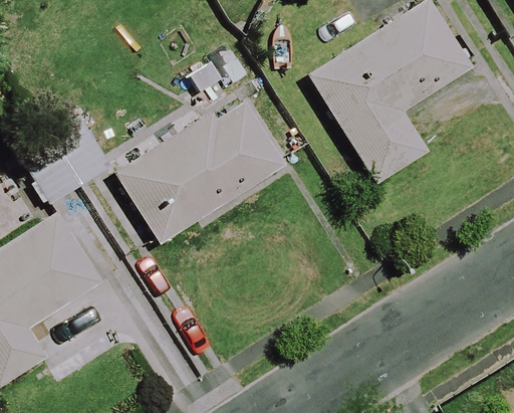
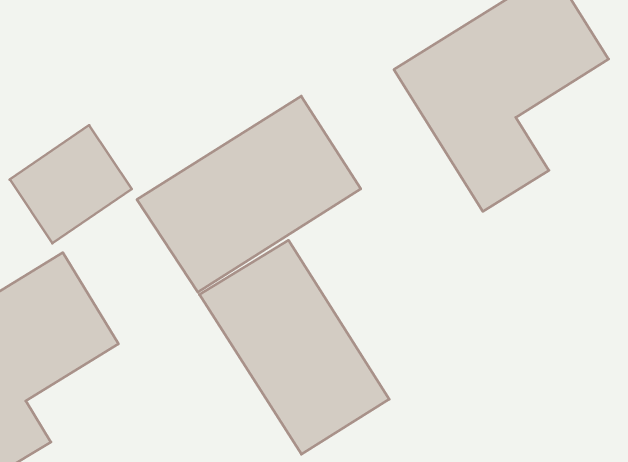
building: none -> [199,240,389,454]

